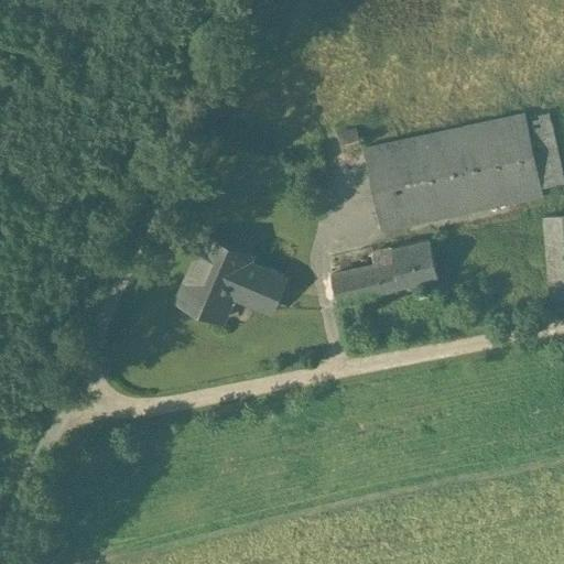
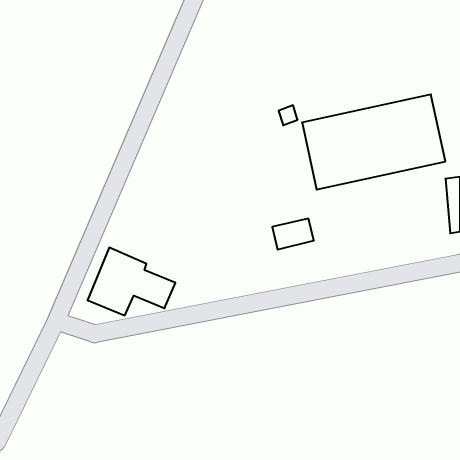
building: [175,234,282,316] -> [87,247,175,315]
building: [372,241,436,292] -> none

